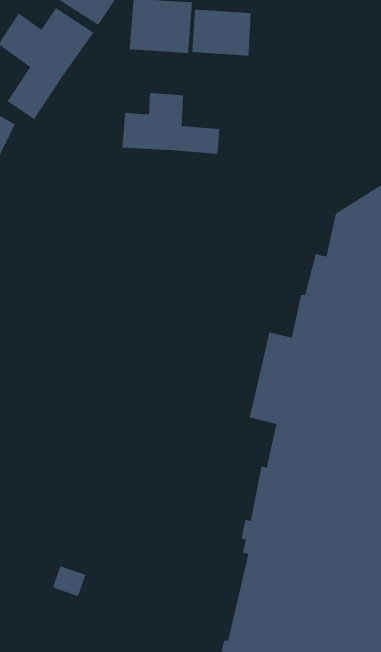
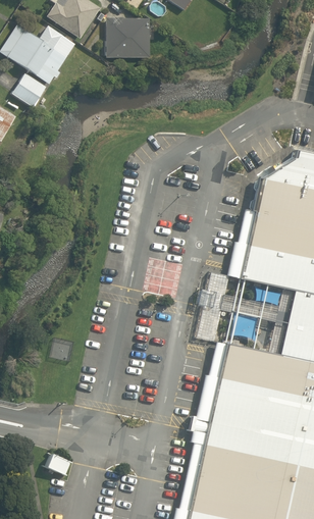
building: [192,9,251,56] -> none
building: [121,92,220,155] -> none

